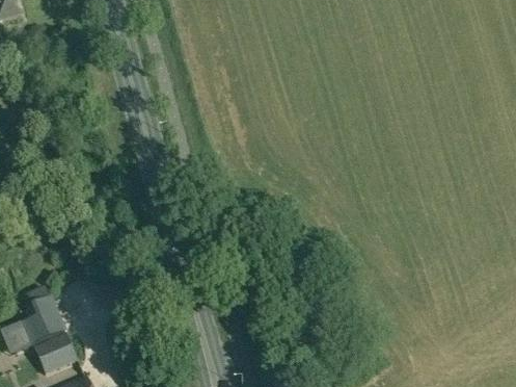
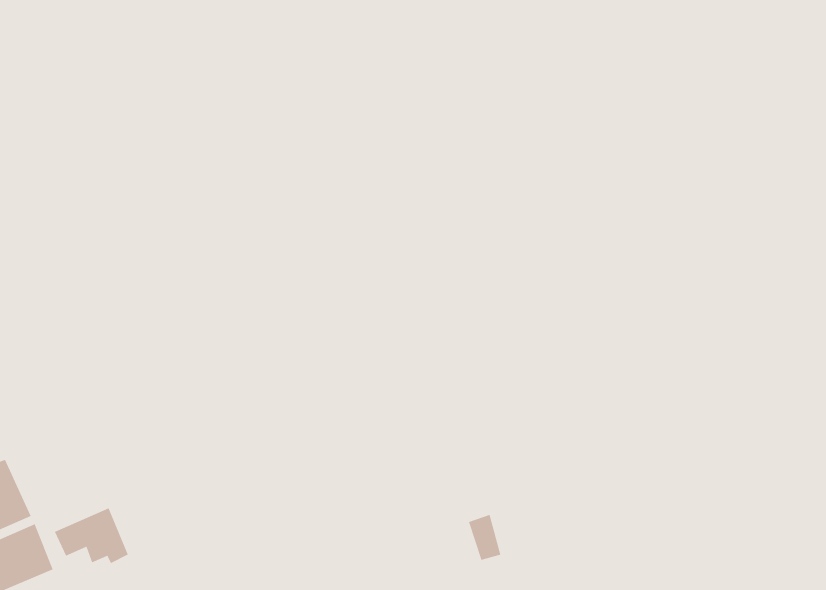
building: none -> [54,508,129,564]

